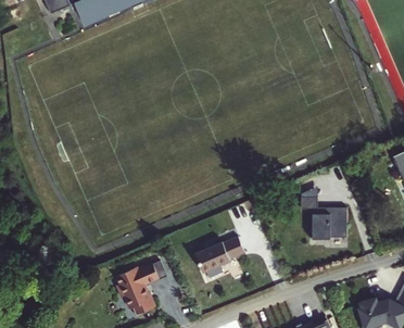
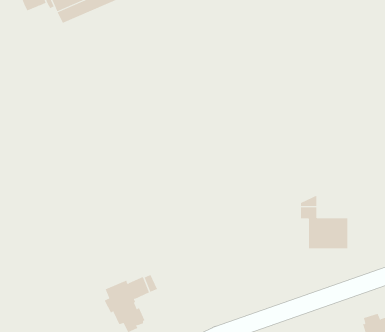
building: [197,239,247,275] -> none

